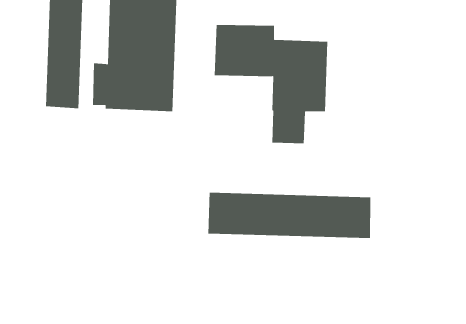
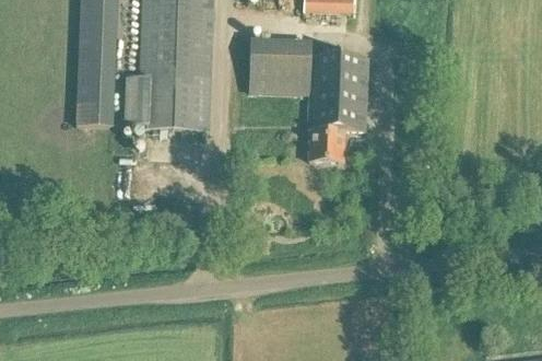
building: [208,192,371,239] -> none

